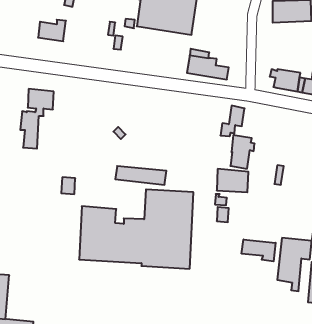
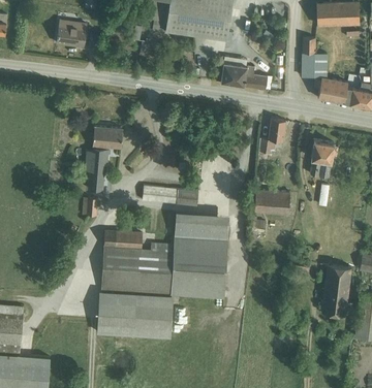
building: none -> [302,38,329,77]
building: [20,89,54,149] -> [85,126,122,192]
building: [230,135,255,169] -> [310,140,337,177]
building: [242,239,276,261] -> none
building: none -> [97,292,173,338]

